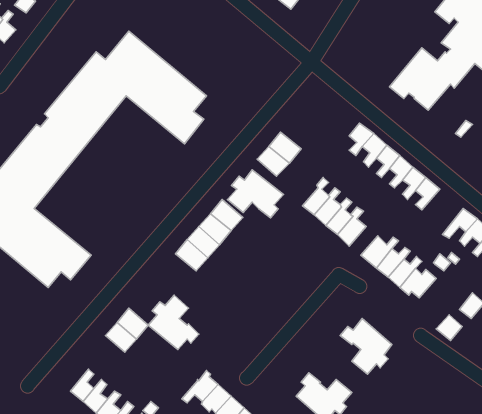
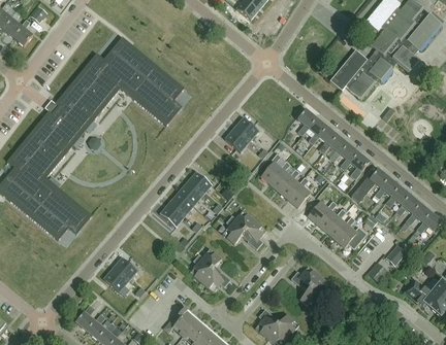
building: [228,170,283,218] -> [222,209,266,247]
building: none -> [351,168,388,202]
building: [148,295,199,350] -> [189,248,229,291]

